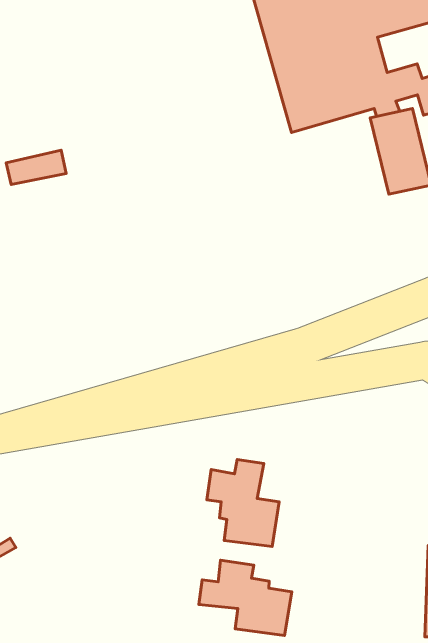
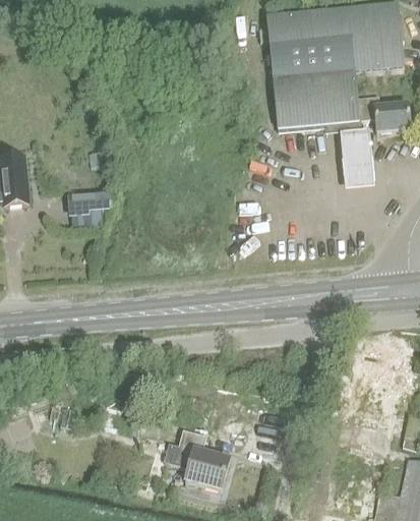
building: [6,150,66,185] -> [69,191,111,211]
building: [207,459,279,547] -> none

